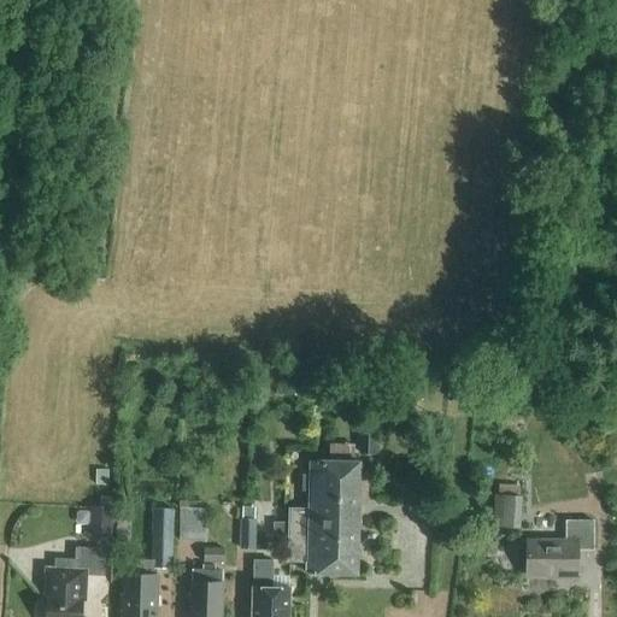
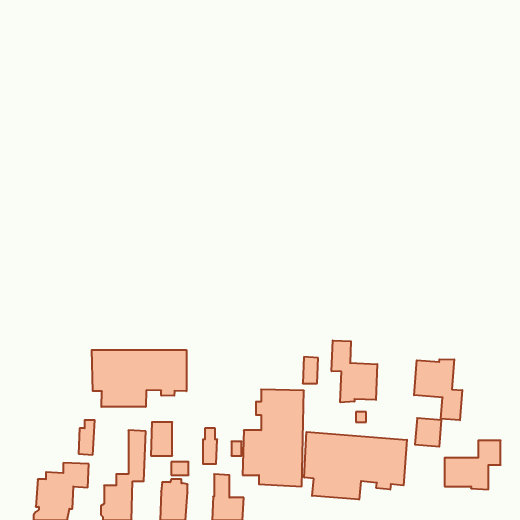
building: none -> [332,340,377,402]
building: none -> [92,350,186,407]
building: none -> [414,359,462,420]
building: none -> [304,432,407,500]

